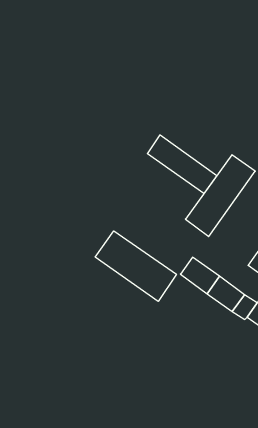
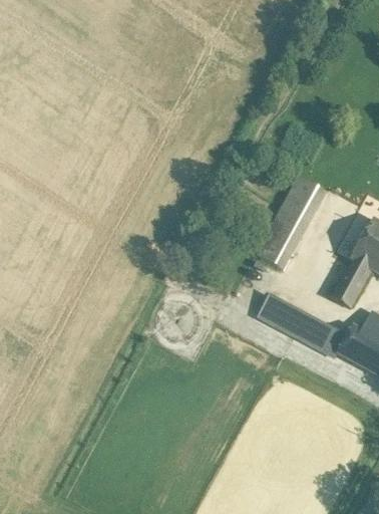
building: [147,135,217,193] -> none
building: [95,231,176,301] -> none

